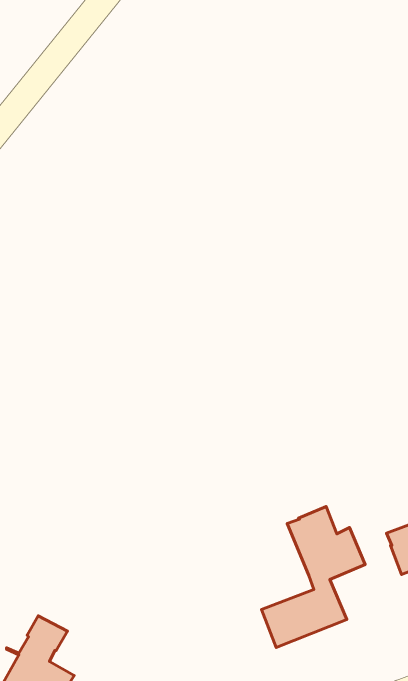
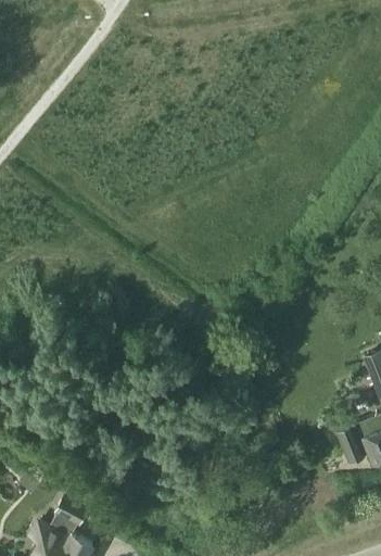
building: [261,507,365,648] -> none

